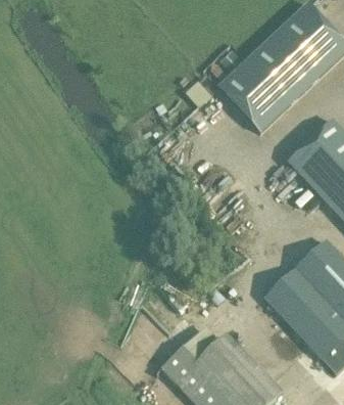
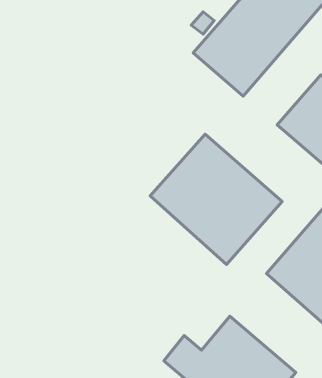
building: none -> [150,134,282,264]

